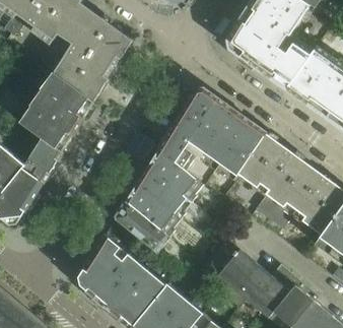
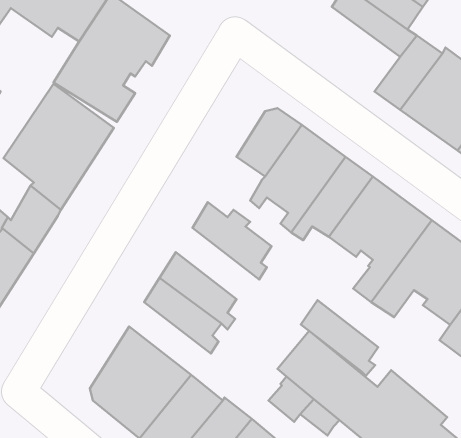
building: [227,21,286,78] -> none
building: [157,122,196,166] -> none
building: [136,170,188,220] -> [301,300,378,376]

